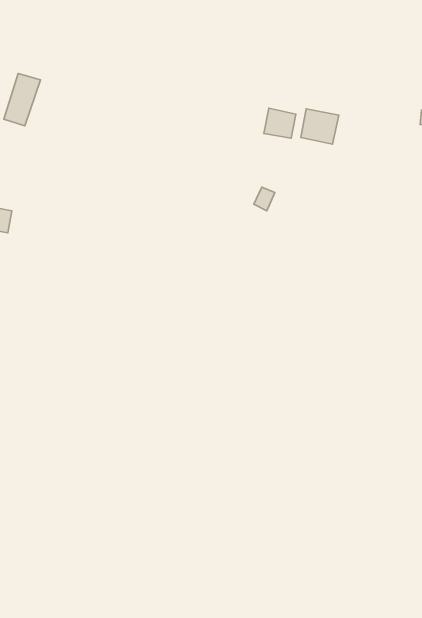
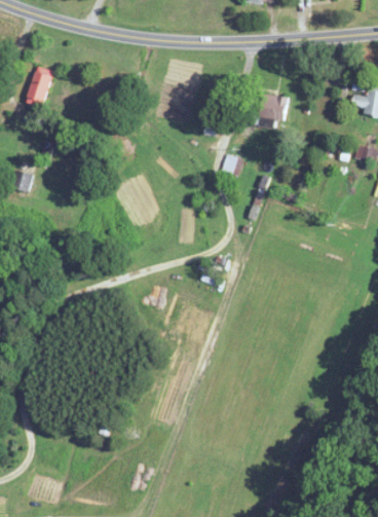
building: [264,108,296,138] -> none

